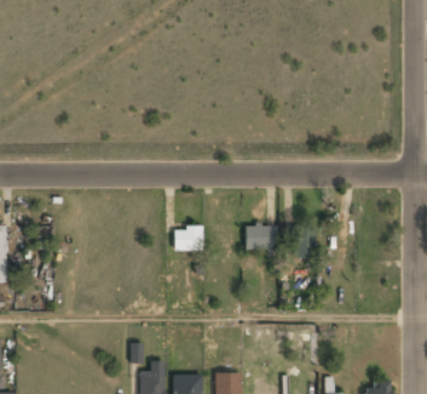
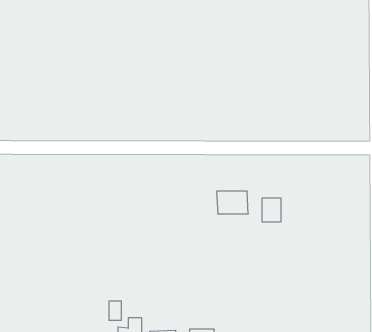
building: [174,227,203,250] -> none

